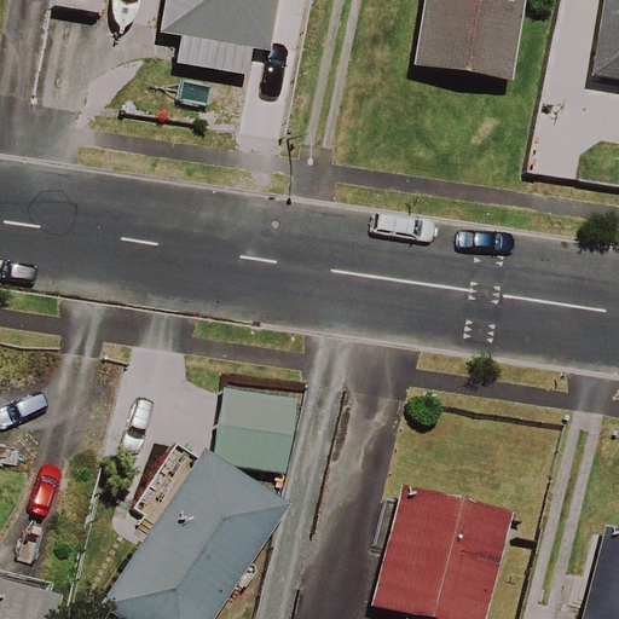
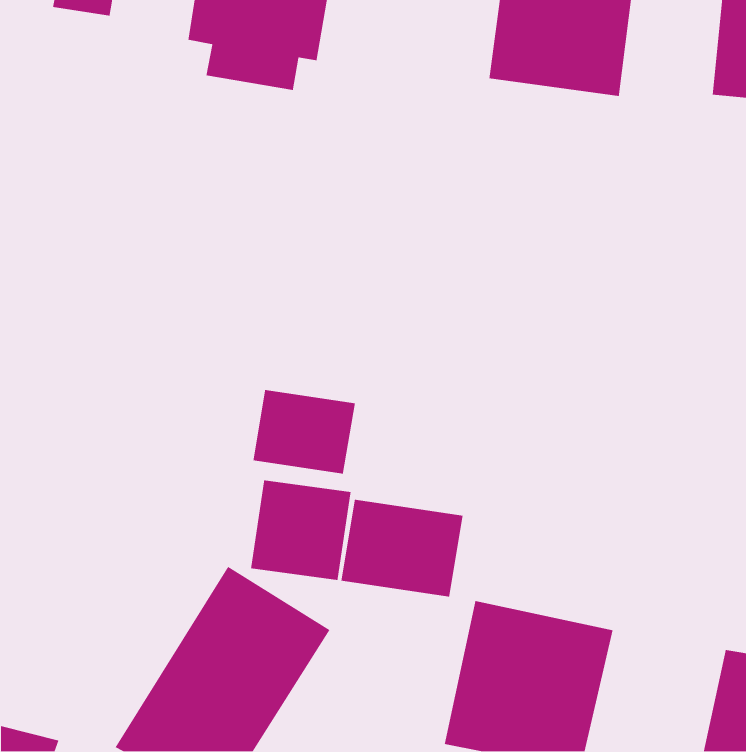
building: none -> [252,389,356,474]
building: none -> [340,499,464,598]

